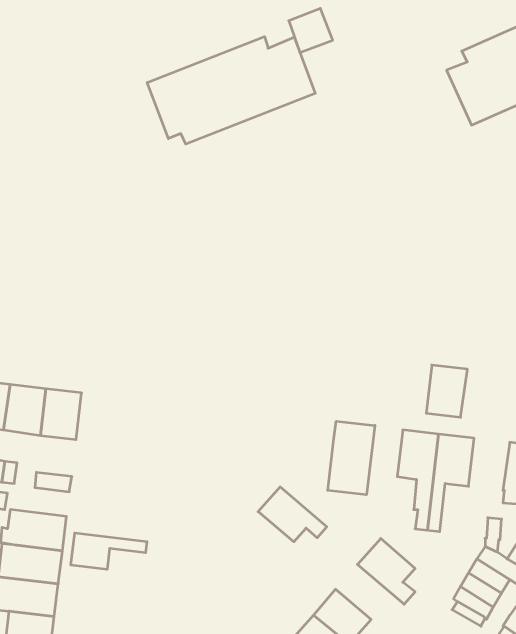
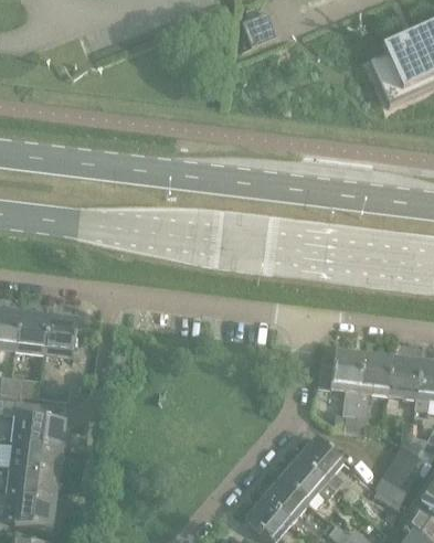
building: [147,37,315,144] -> none
building: [426,365,467,417] -> [388,354,421,396]
building: [328,421,375,495] -> none
building: [258,487,327,542] -> [280,456,336,500]
building: [71,533,147,569] -> none

